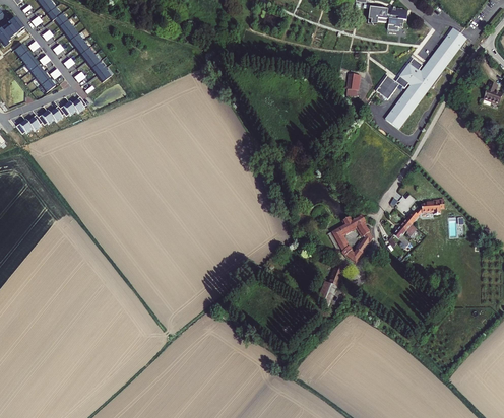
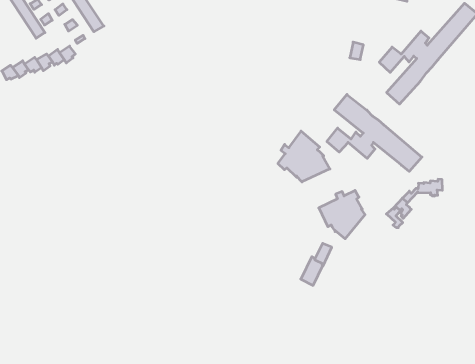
building: none -> [327,94,422,171]
building: none -> [278,131,330,182]

